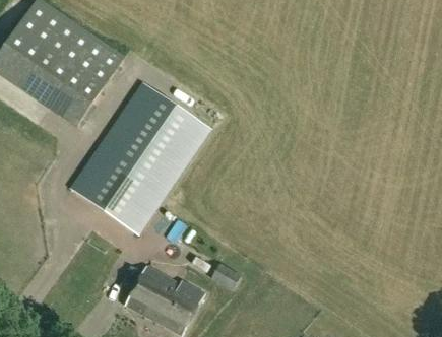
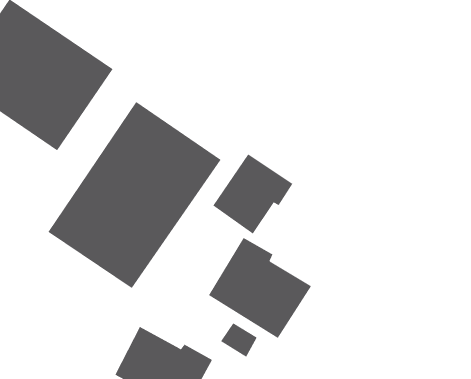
building: none -> [212,153,293,234]
building: none -> [208,237,312,339]

